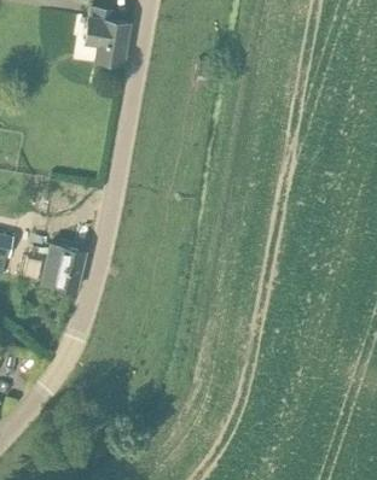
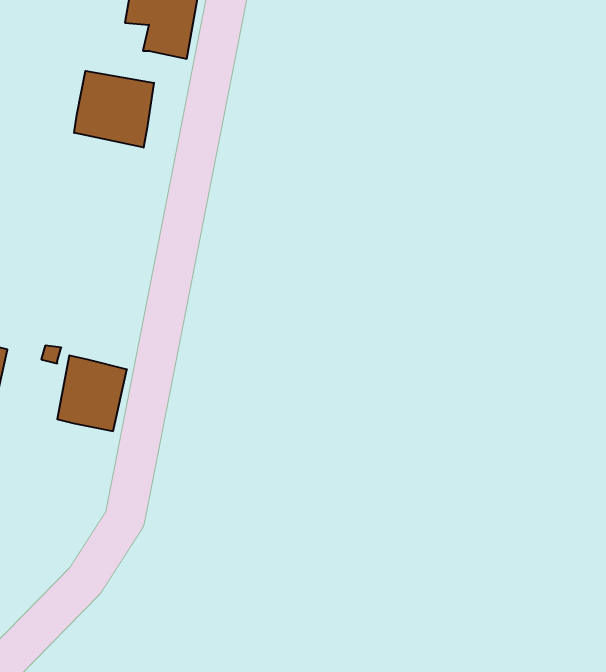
building: none -> [74,71,154,148]

